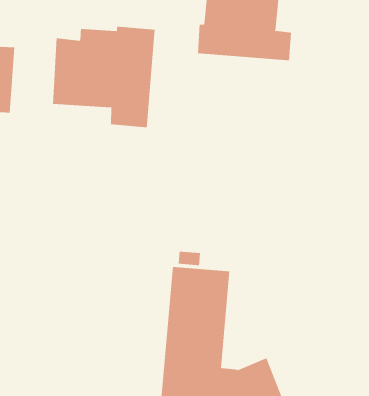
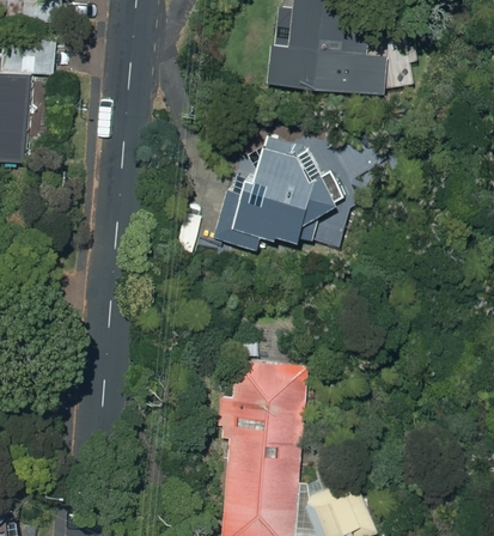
building: [53,26,155,128] -> none
building: none -> [214,136,339,254]

